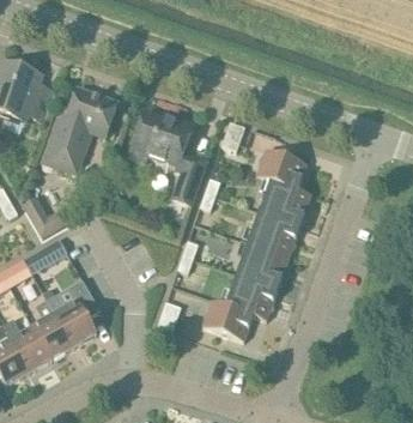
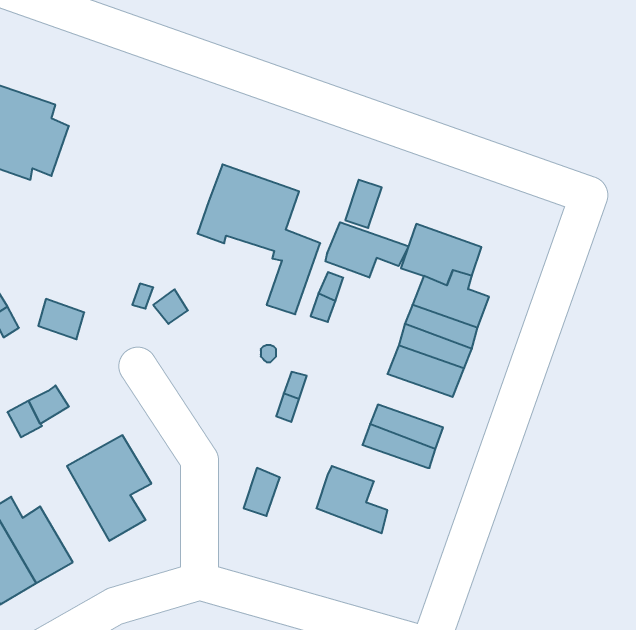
building: [41,86,119,173] -> none
building: none -> [325,222,408,278]
building: [242,241,289,274] -> none
building: [226,285,273,326] -> none
building: [31,298,74,358] -> none

